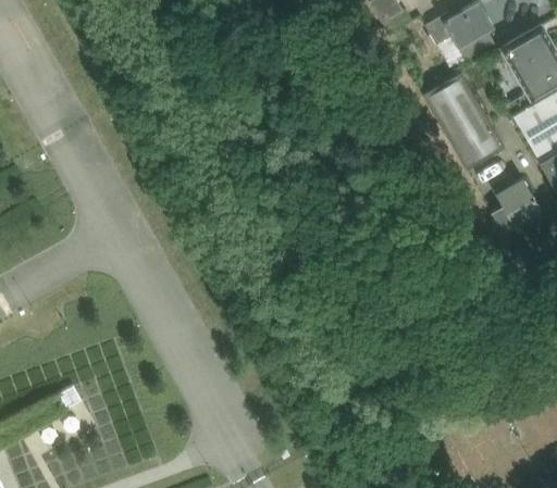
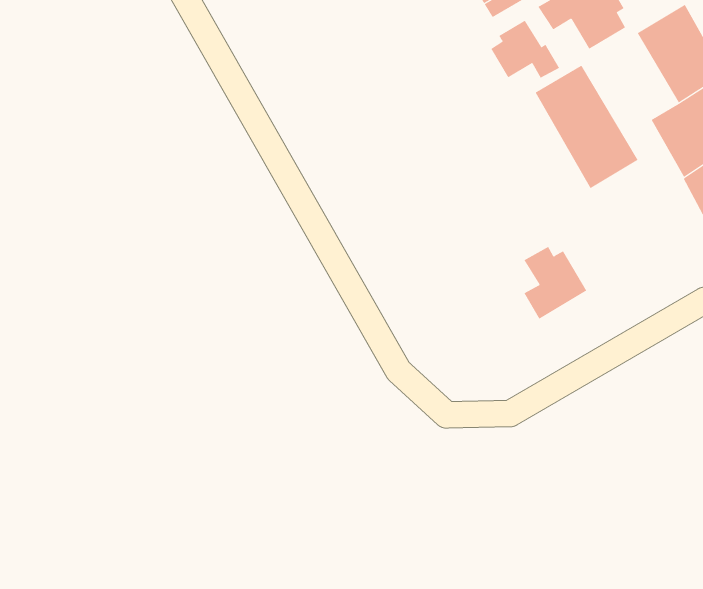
building: none -> [490,20,560,79]
building: [492,176,542,234] -> [524,246,587,319]

